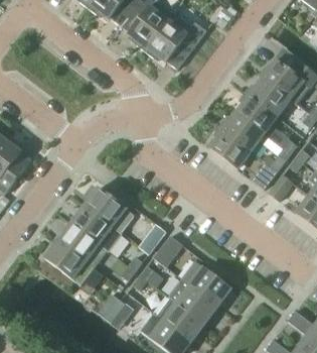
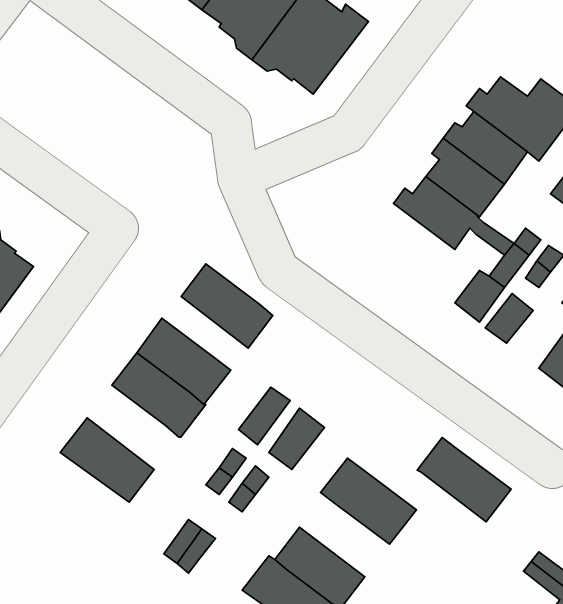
building: [209,127,252,169] -> none
building: [58,223,107,267] -> [181,264,273,348]
building: [168,279,217,324] -> [417,438,511,522]

